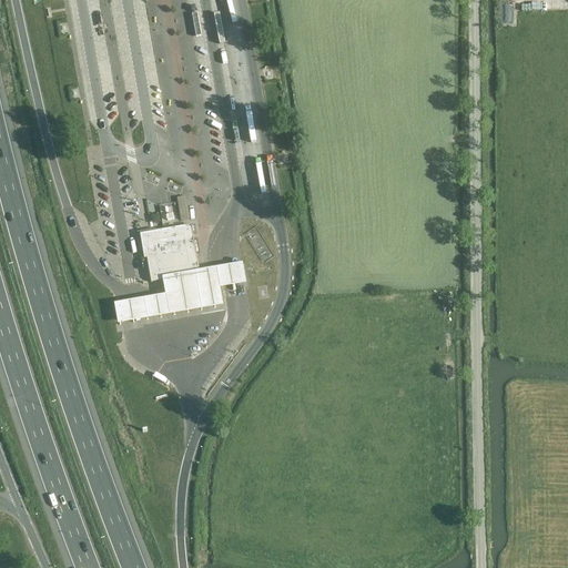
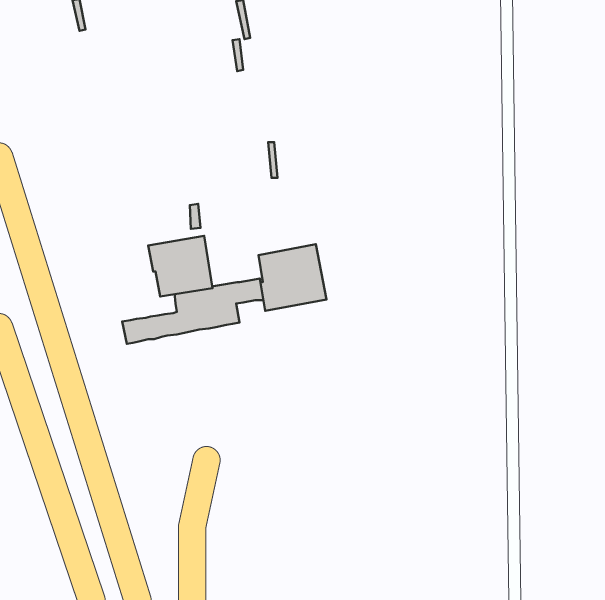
building: none -> [259,244,327,311]

